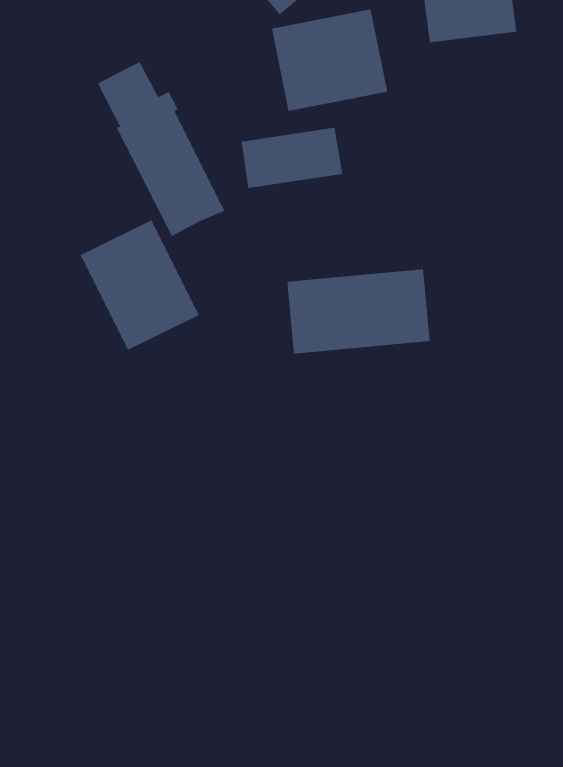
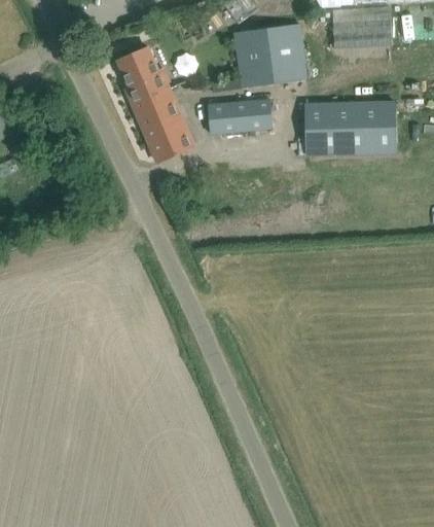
building: [80,220,200,351] -> none
building: [287,269,430,354] -> [305,105,396,154]

